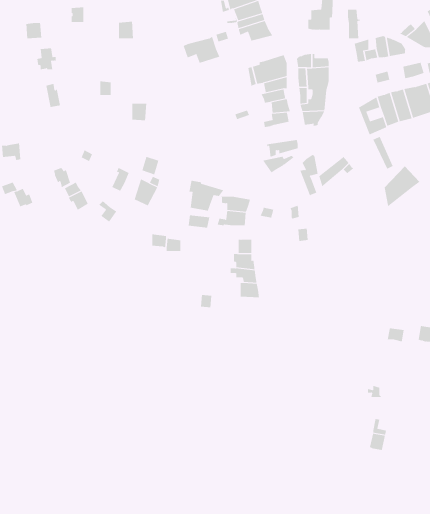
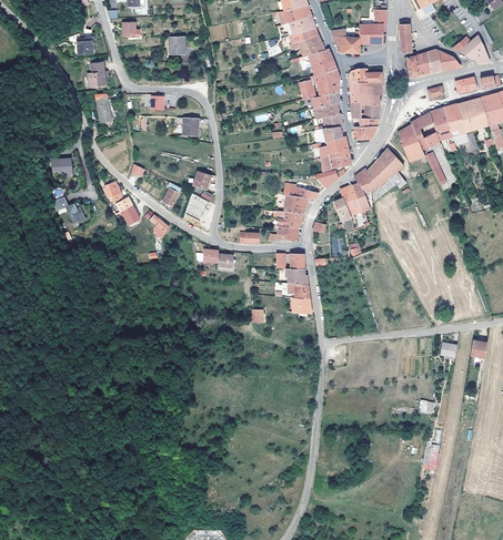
building: none -> [331,29,360,53]
building: [183,36,220,64] -> [299,48,336,75]
building: none -> [398,124,424,162]
building: none -> [313,135,350,160]
building: [384,165,420,207] -> [368,149,404,191]
building: none -> [334,185,362,221]
building: [189,180,224,211] -> [283,183,319,214]

